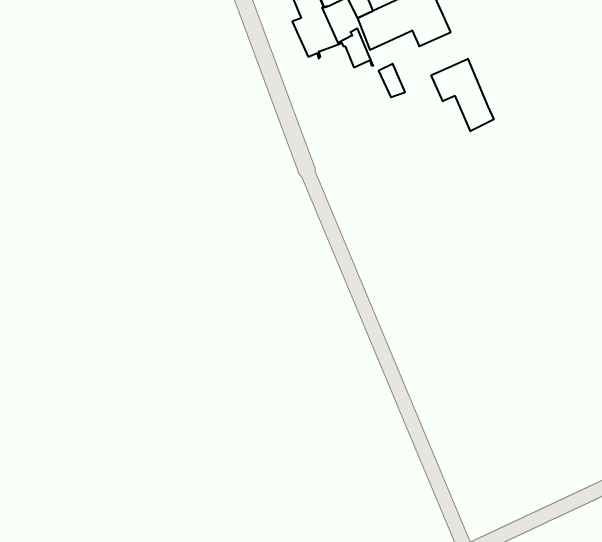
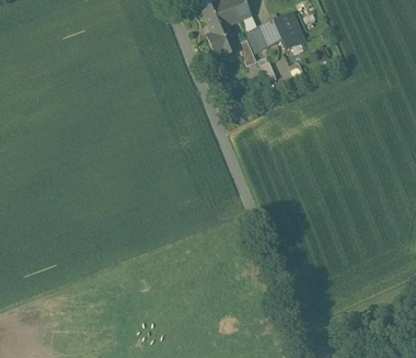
building: [431,59,494,131] -> none

